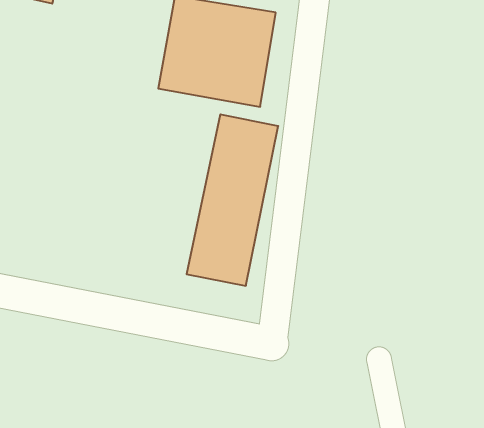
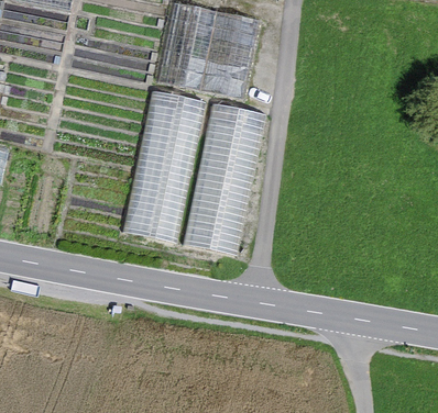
building: none -> [123,89,202,237]

